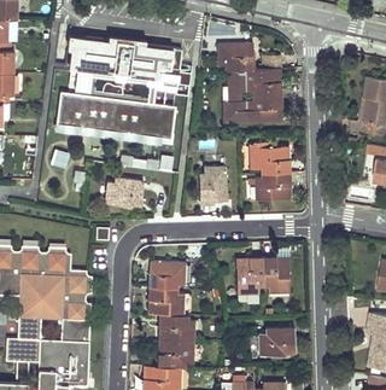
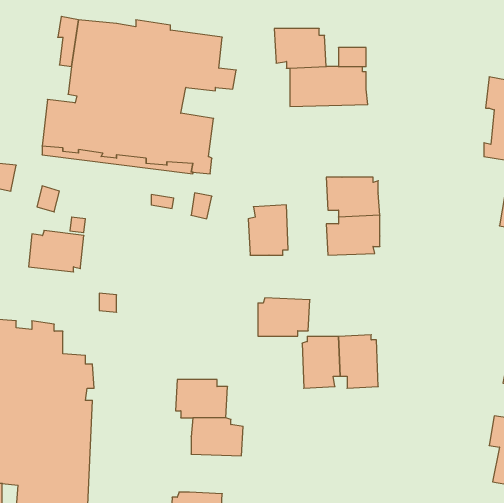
building: [224,95,282,122] -> none
building: [105,177,144,206] -> [29,230,84,272]
building: [150,261,186,287] -> [258,298,310,336]
building: [258,327,294,355] -> none
building: [158,339,194,367] -> none

